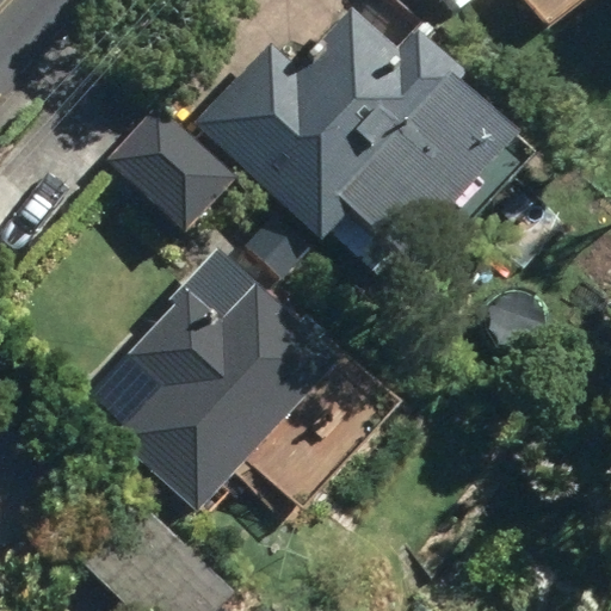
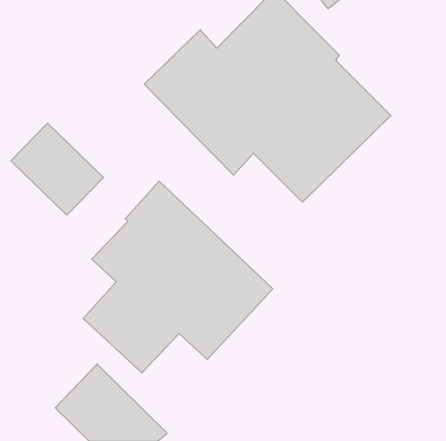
building: [111,104,237,229] -> [11,123,104,215]

